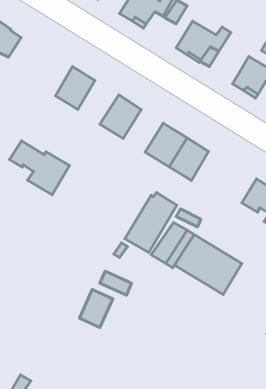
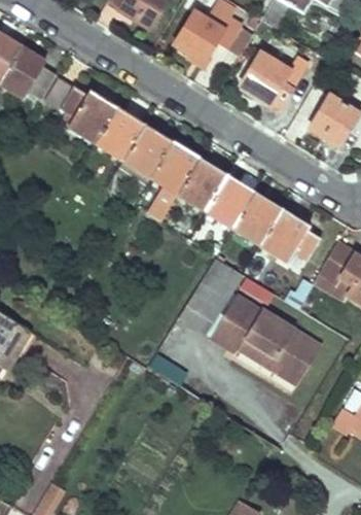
building: none -> [122,124,172,176]
building: none -> [177,159,225,210]
building: [9,141,69,195] -> [44,77,116,142]
building: none -> [259,209,316,261]
building: [79,289,113,328] -> none

